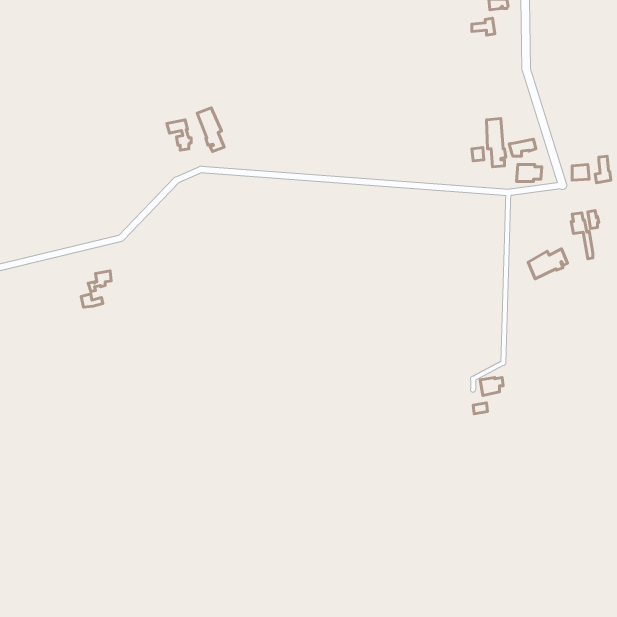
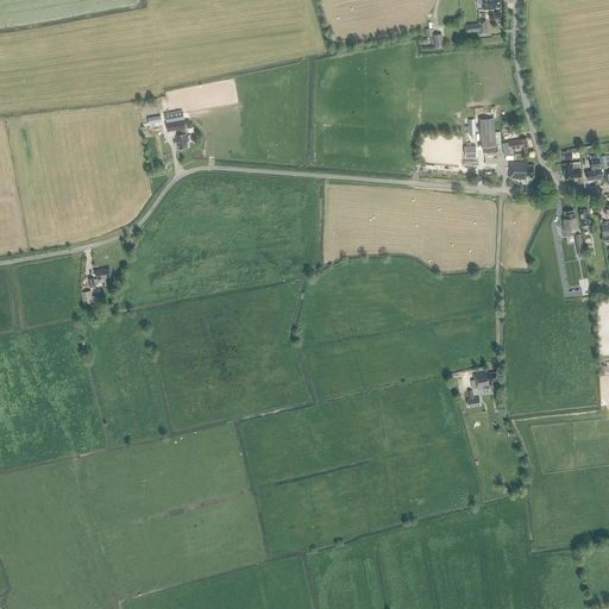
building: [197,108,224,151] -> none
building: [528,249,567,279] -> none

